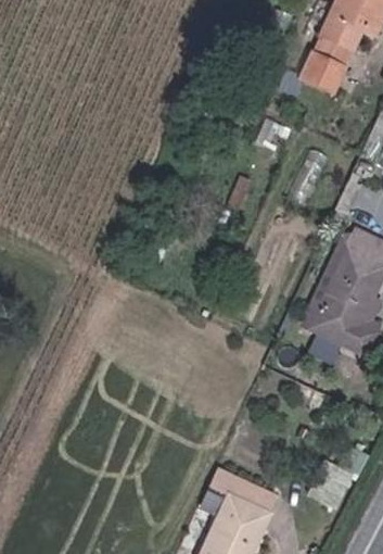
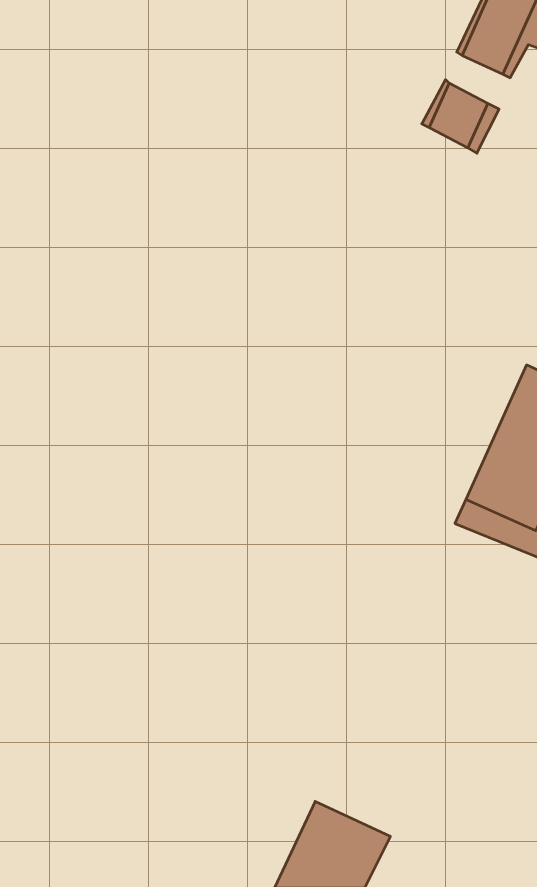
building: [206,466,277,516] -> none

